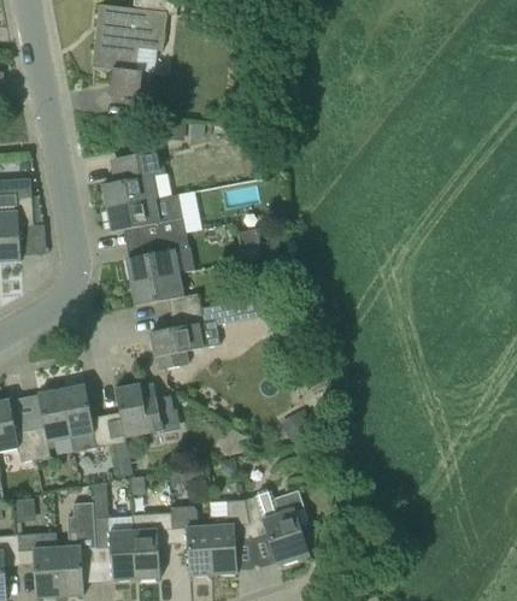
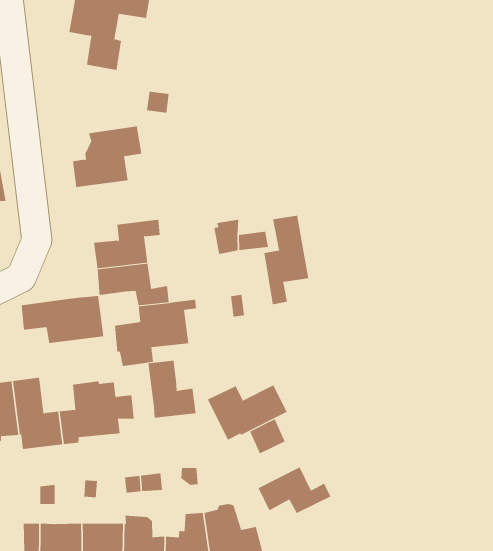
building: [106,195,184,242] -> [21,296,104,344]
building: none -> [264,215,309,305]
building: none -> [148,360,196,419]
building: none -> [207,384,287,441]
building: none -> [258,466,331,514]

